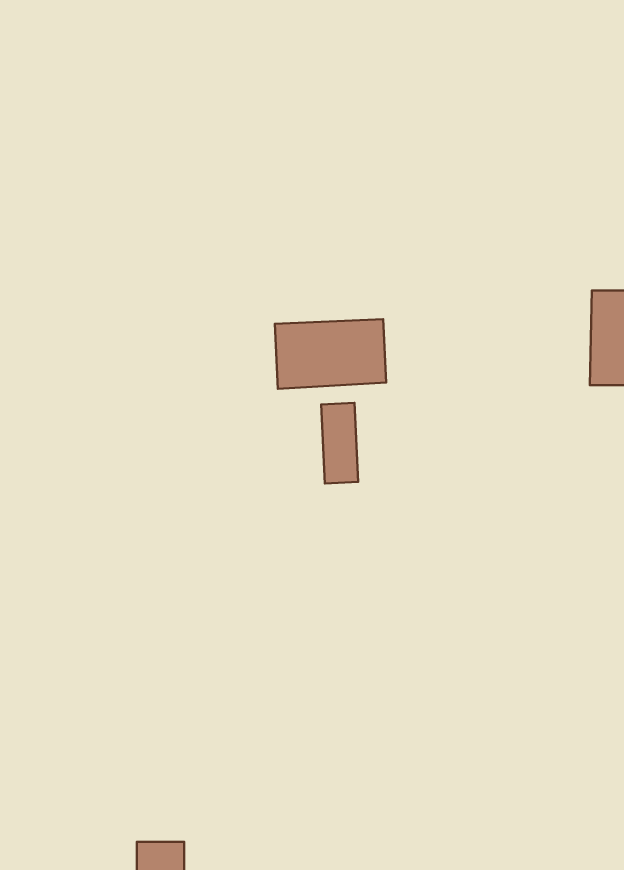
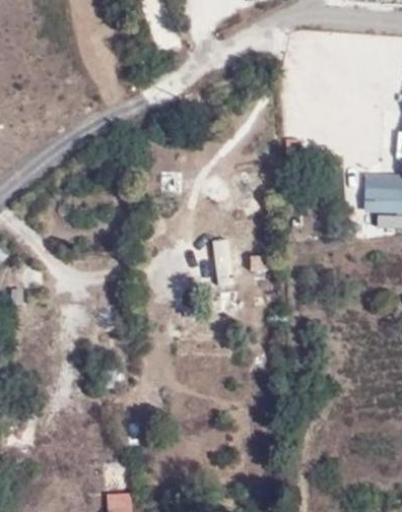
building: [275,319,386,389] -> none

